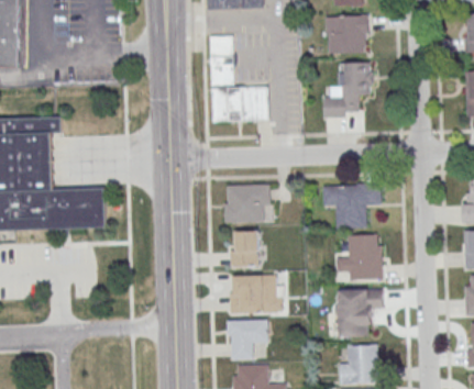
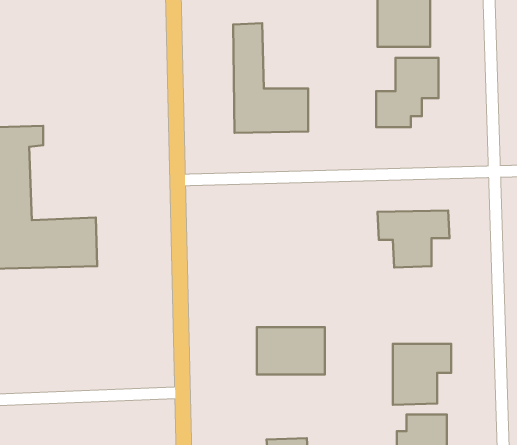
building: [224,184,271,222] -> none
building: [230,231,261,266] -> none
building: [338,235,382,280] -> none
building: [228,318,269,358] -> none

